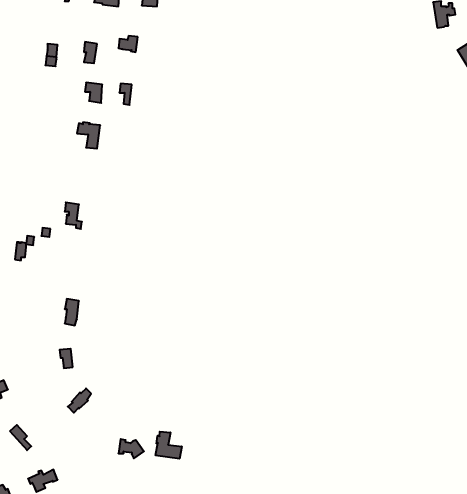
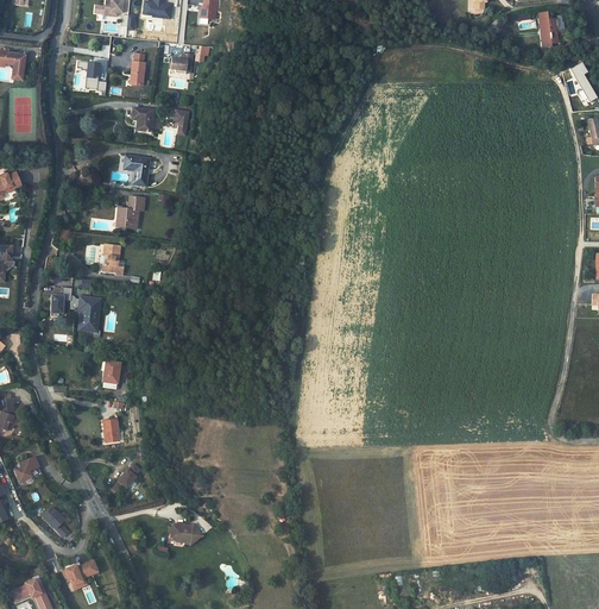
building: none -> [115,195,141,227]
building: none -> [76,296,97,331]
building: [156,432,182,459] -> none

